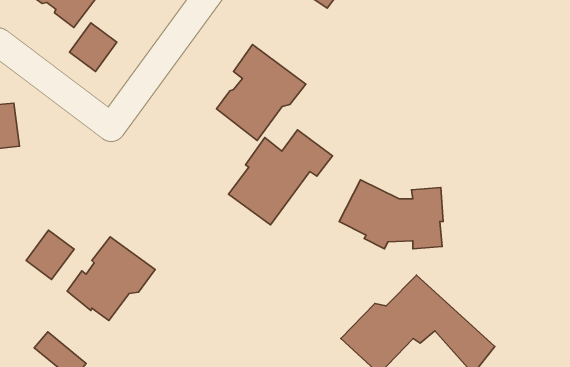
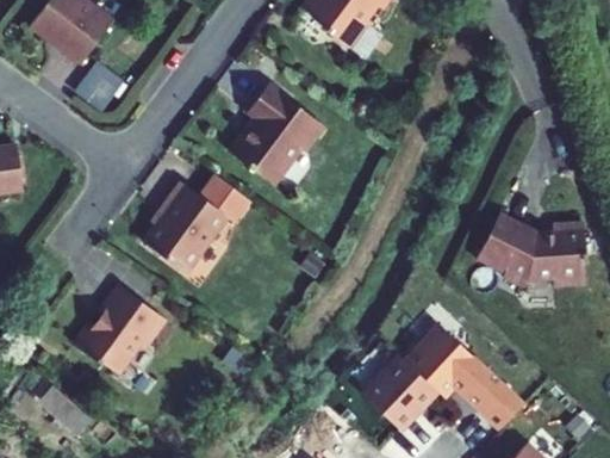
building: [228,130,333,225] -> [142,172,251,272]
building: [339,180,443,249] -> [477,213,586,286]
building: [26,230,74,280] -> none

